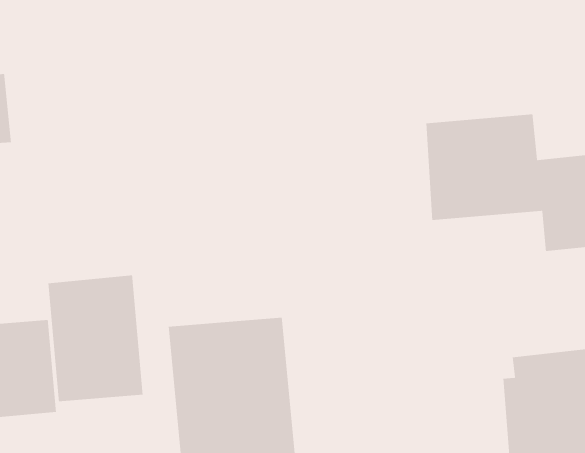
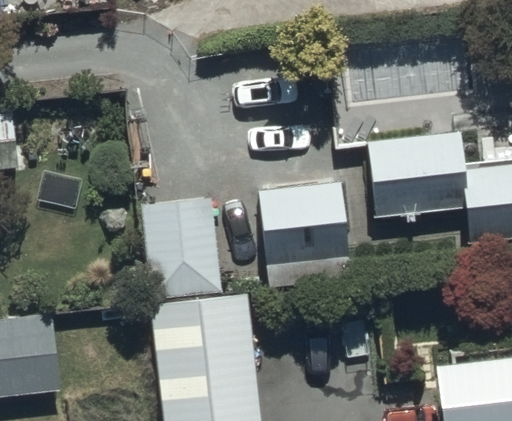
building: none -> [259,186,350,296]
building: [48,274,143,402] -> [142,196,223,304]

